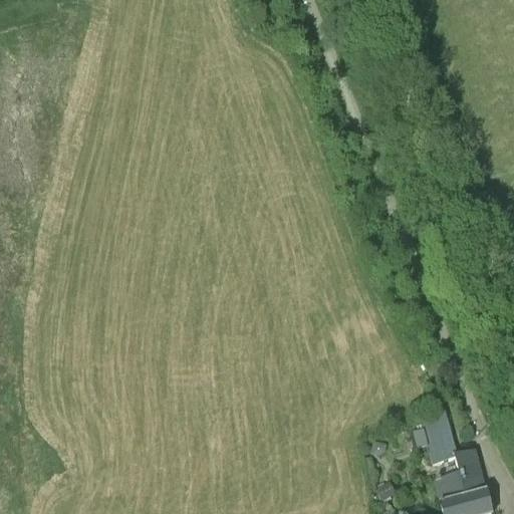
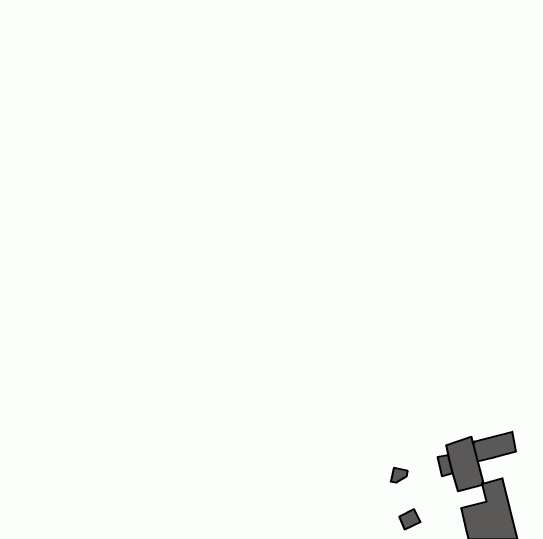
building: none -> [473,432,516,461]

